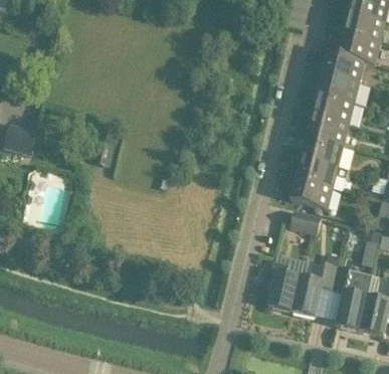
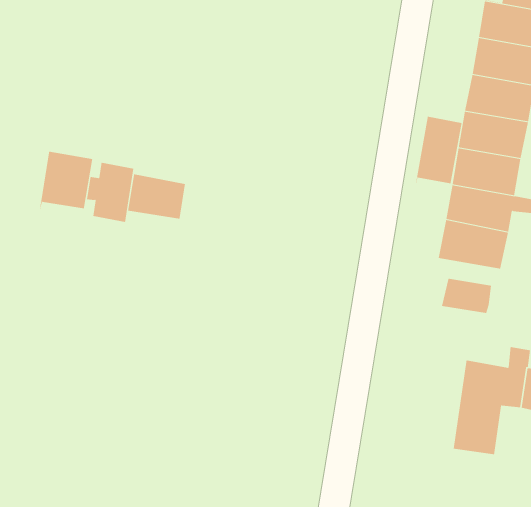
building: none -> [413,116,462,196]
building: none -> [38,151,93,217]
building: none -> [128,174,185,220]
building: [268,255,303,312] -> none

